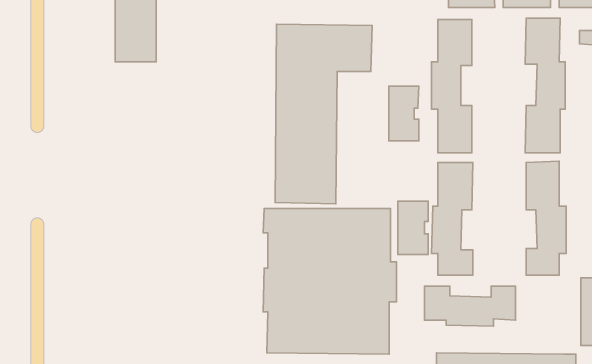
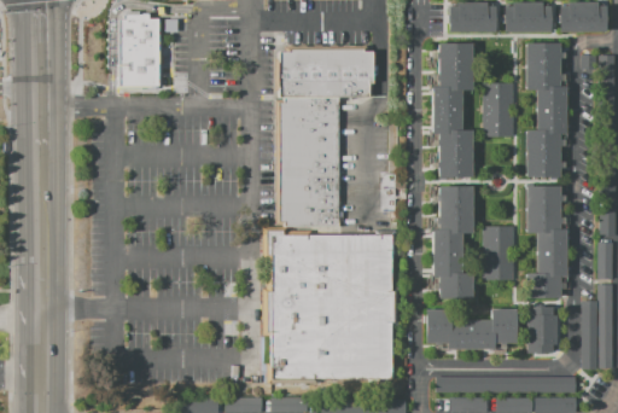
building: [389,86,419,141] -> [484,82,514,136]
building: [398,201,428,254] -> [484,226,514,279]
building: none -> [527,307,556,353]

